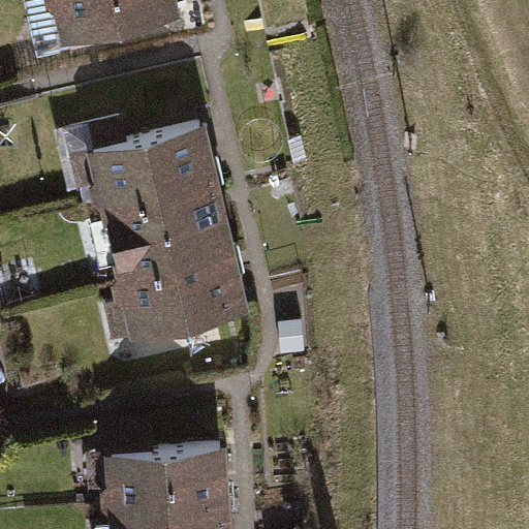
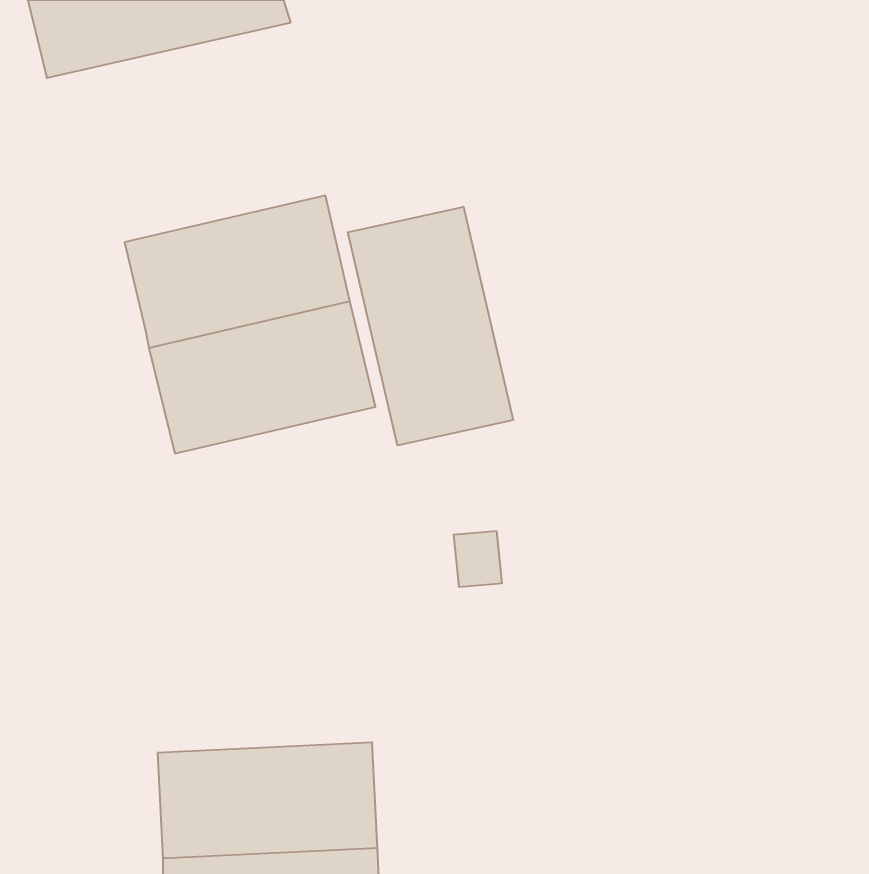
building: none -> [348,207,513,445]
building: [114,249,248,340] -> none

